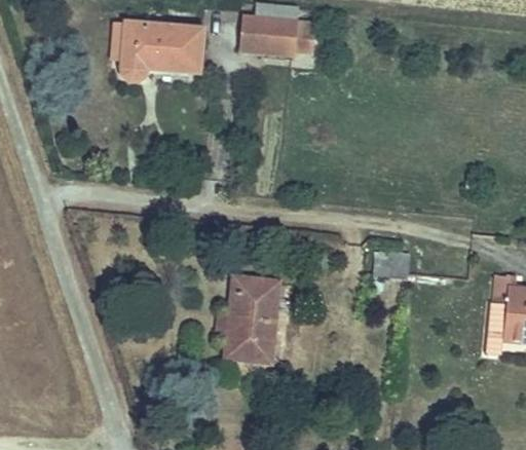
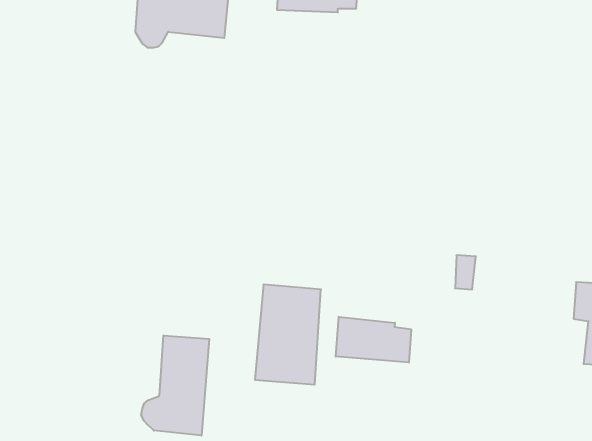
building: none -> [336,317,411,363]
building: none -> [141,335,209,436]

